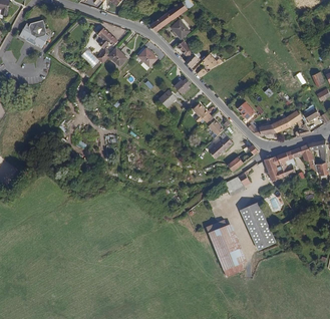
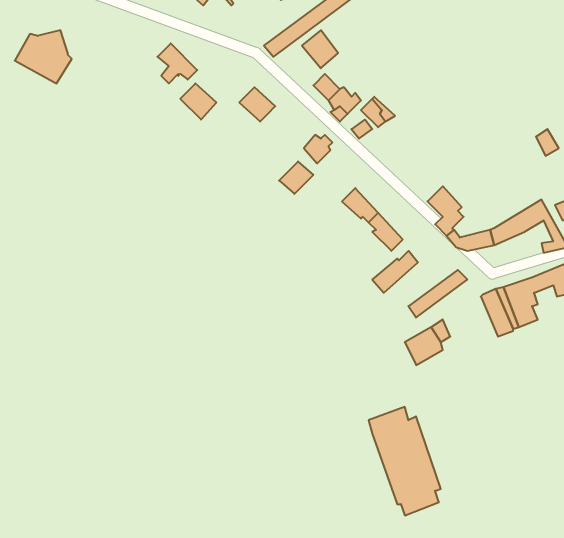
building: [240,202,276,250] -> none

